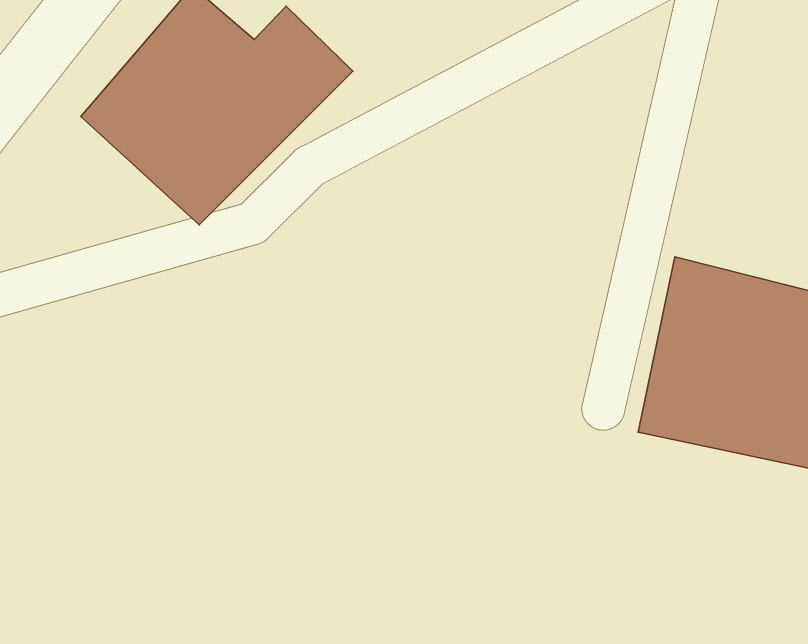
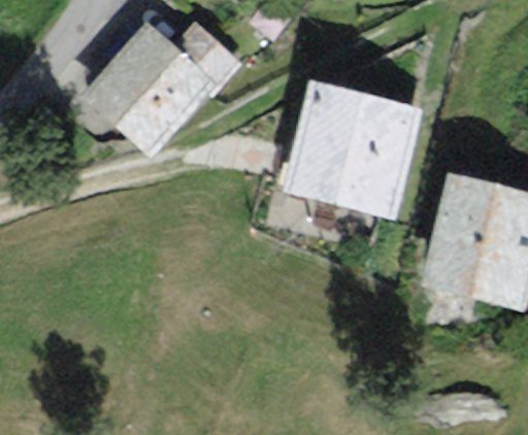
building: none -> [282,81,425,220]

